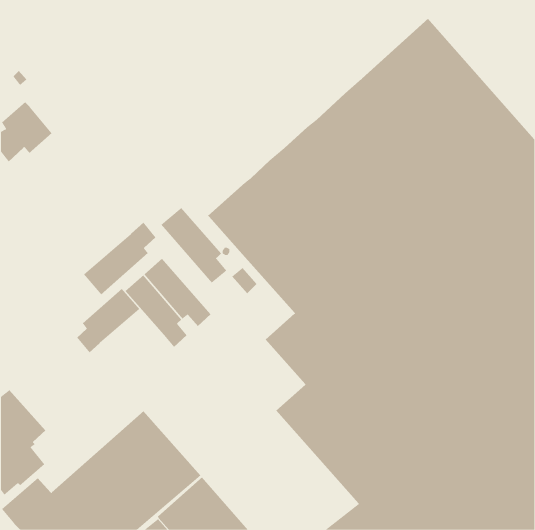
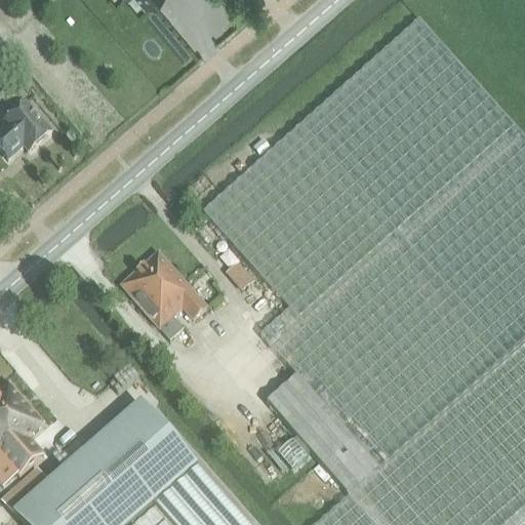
building: [161,207,227,283] -> none
building: [83,222,156,295] -> none
building: [76,288,140,353] -> none

